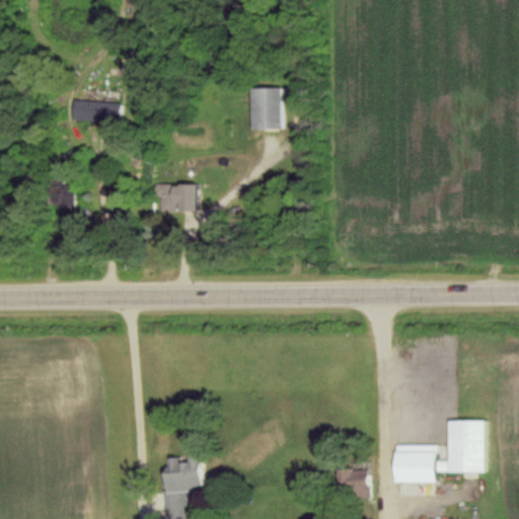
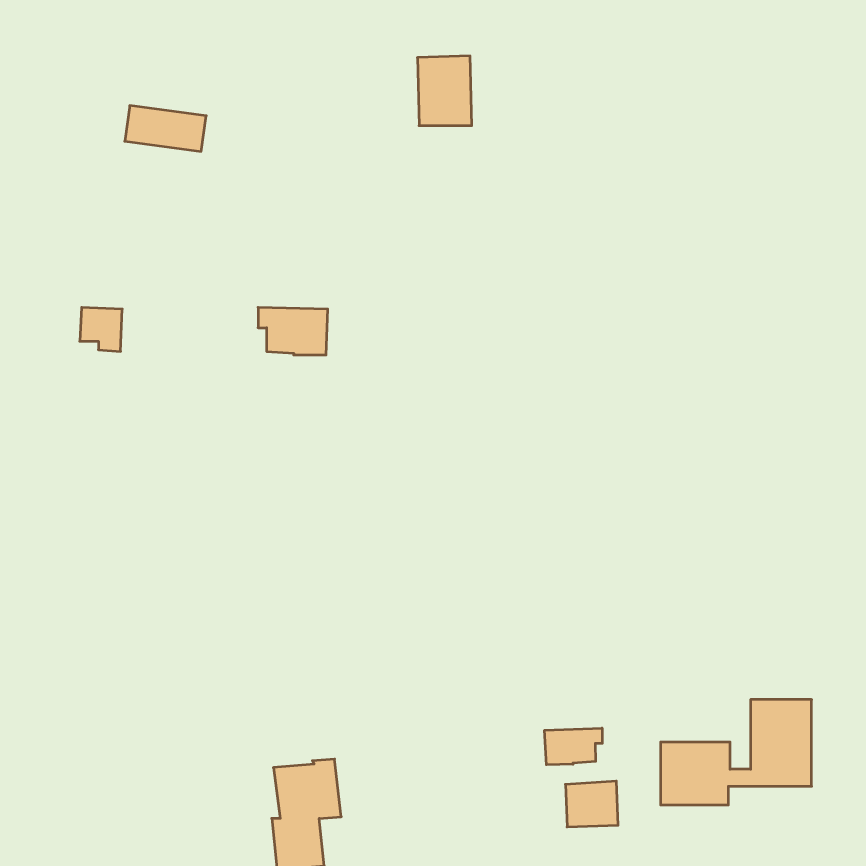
building: [249,88,282,130] -> [417,56,472,126]
building: [71,98,120,126] -> [125,106,206,151]
building: none -> [545,728,602,765]

